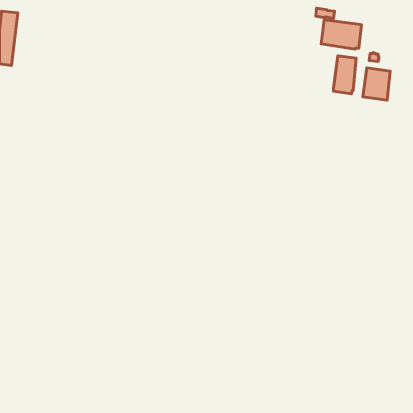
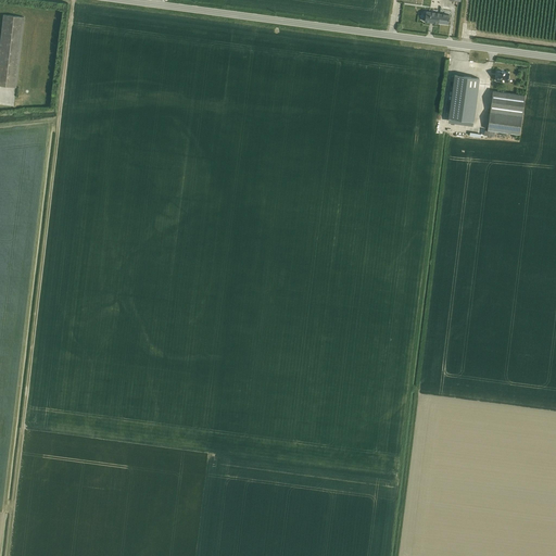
building: [321,20,362,49] -> none

